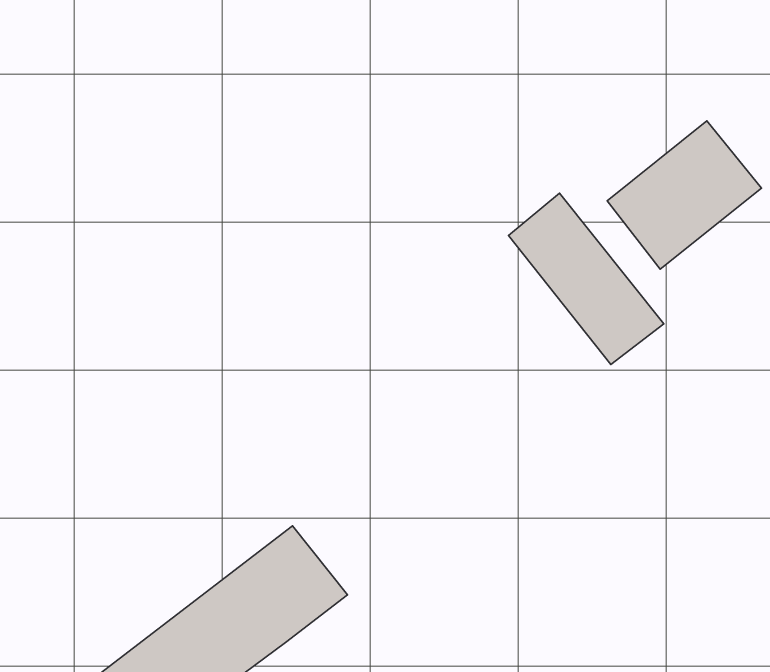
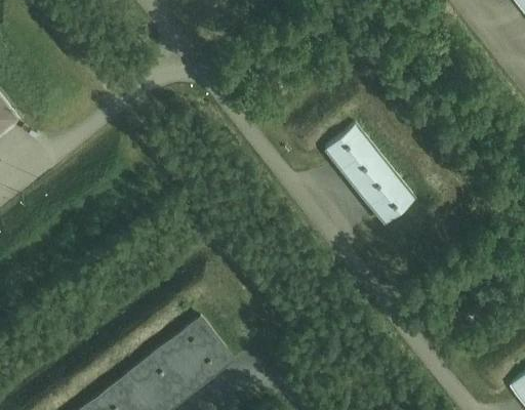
building: [607,121,762,269] -> none

